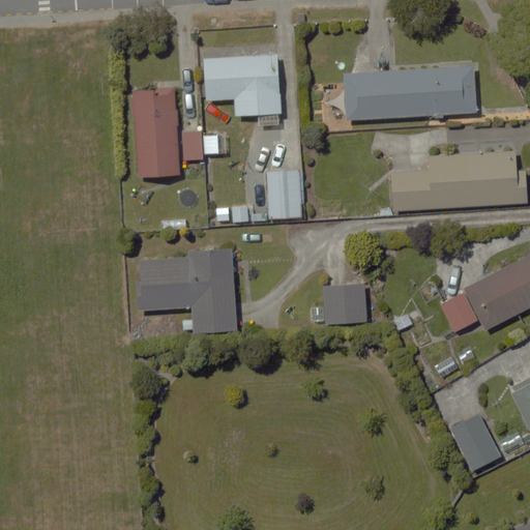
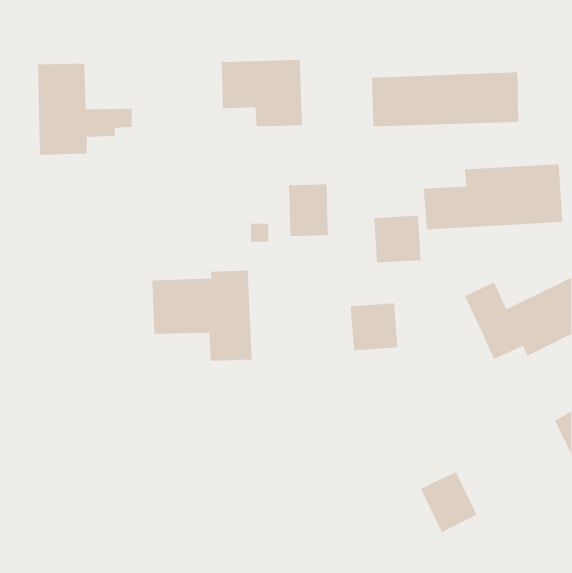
building: [131,92,219,177] -> [37,63,132,155]
building: none -> [374,215,421,263]
building: [450,413,503,470] -> [420,471,478,533]

